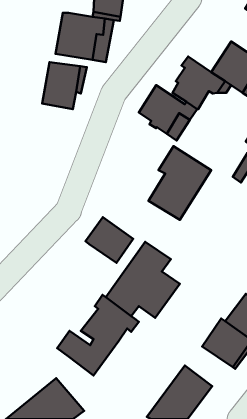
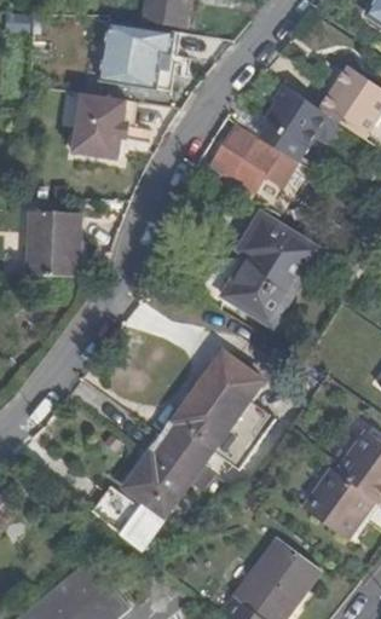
building: none -> [24,210,79,276]
building: [85,217,133,263] -> none

